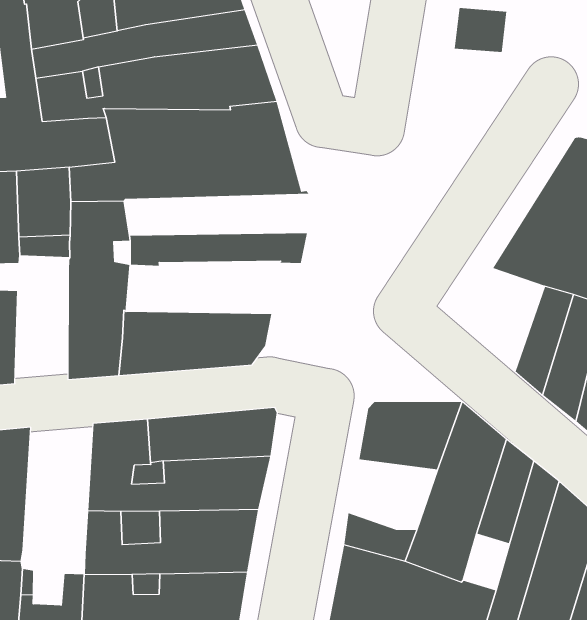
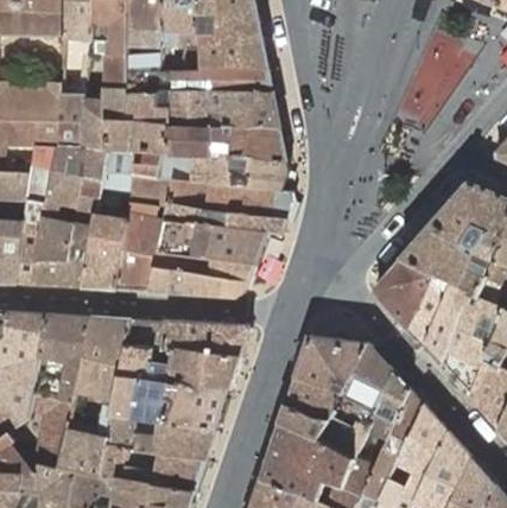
building: none -> [171,179,293,218]
building: none -> [161,222,266,267]
building: none -> [374,259,433,328]
building: none -> [83,214,128,290]
building: none -> [72,317,129,404]
building: none -> [285,369,347,420]

